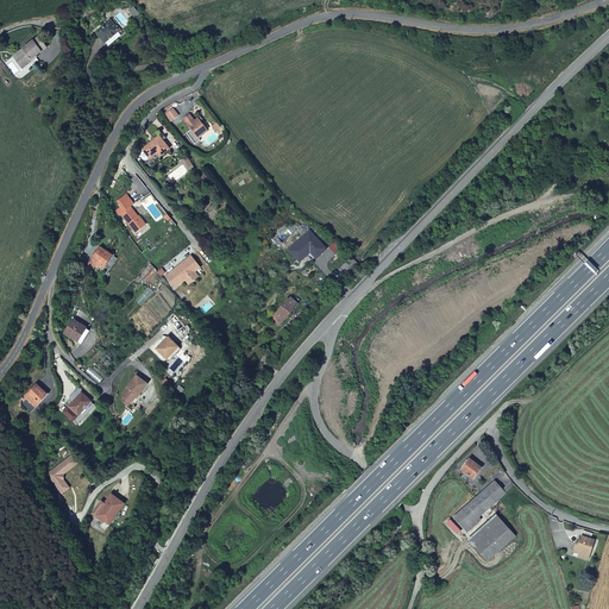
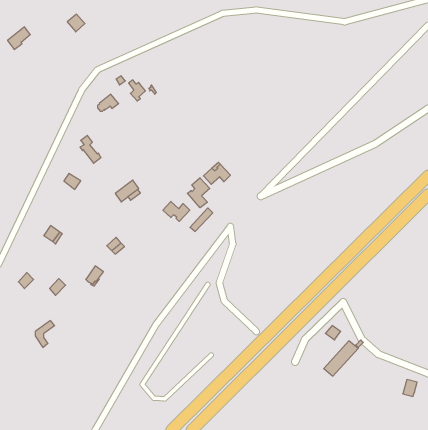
building: none -> [187,178,210,208]
building: none -> [163,201,190,221]
building: [90,494,124,525] -> none
building: [476,516,521,561] -> none

